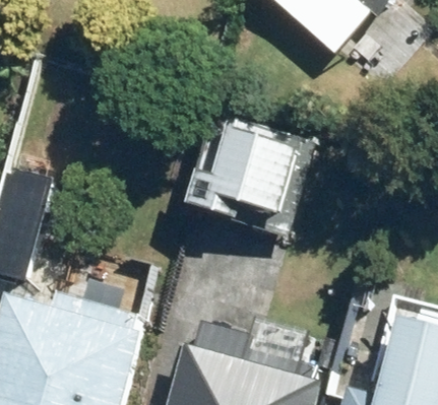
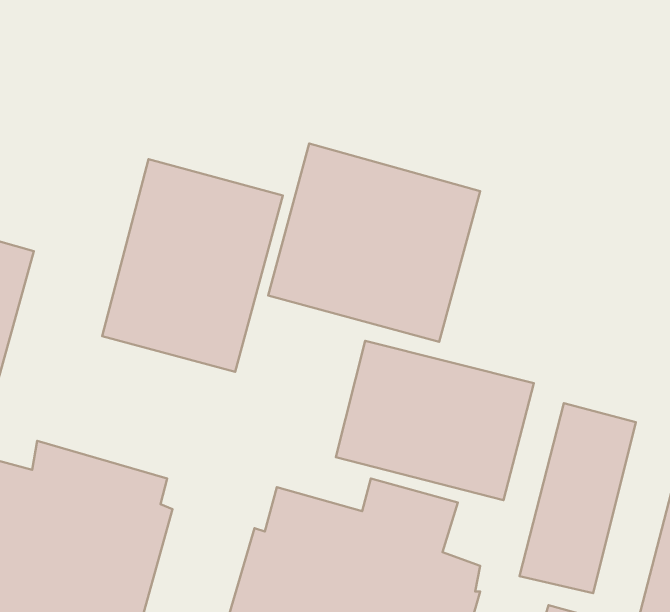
building: none -> [102,159,283,372]
building: none -> [336,341,534,500]

